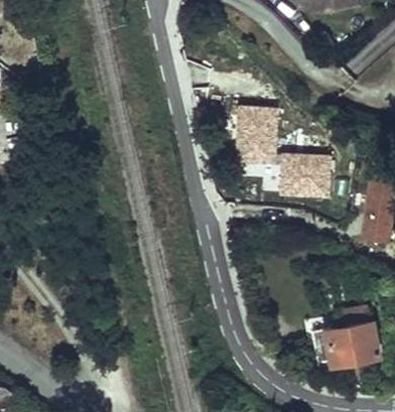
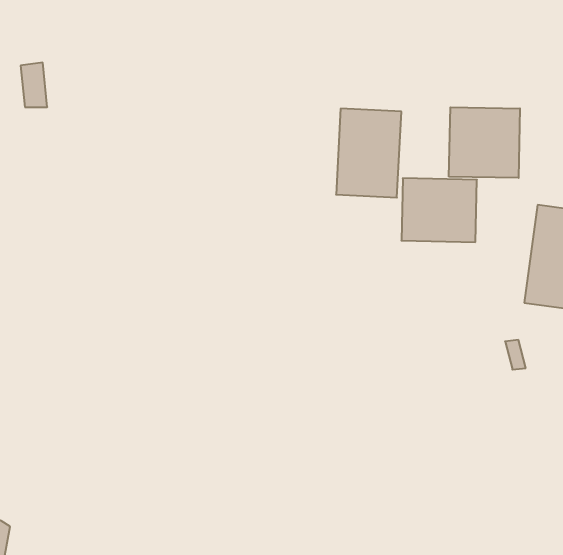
building: none -> [449,107,520,178]
building: [312,308,377,367] -> none

